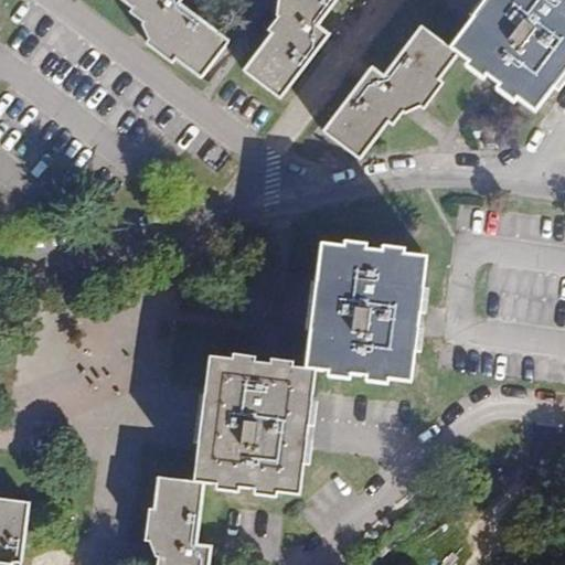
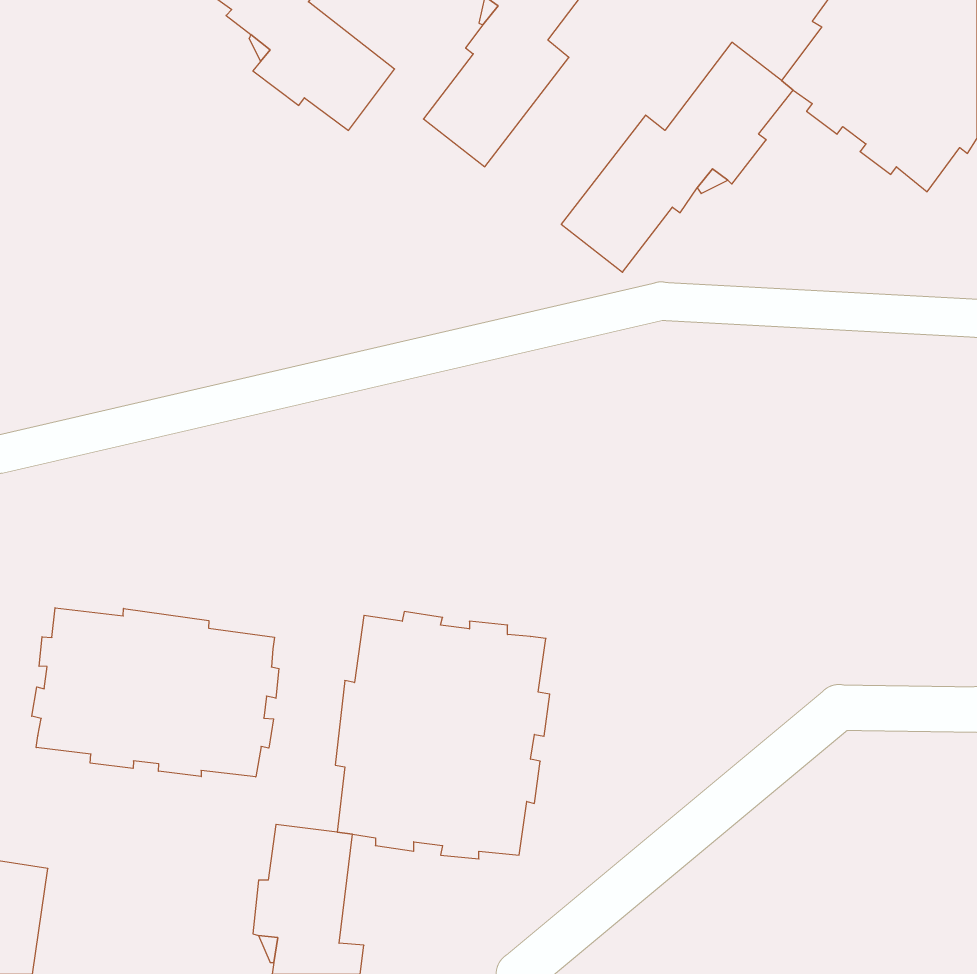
building: [305,239,428,382] -> none
building: none -> [32,608,279,777]

